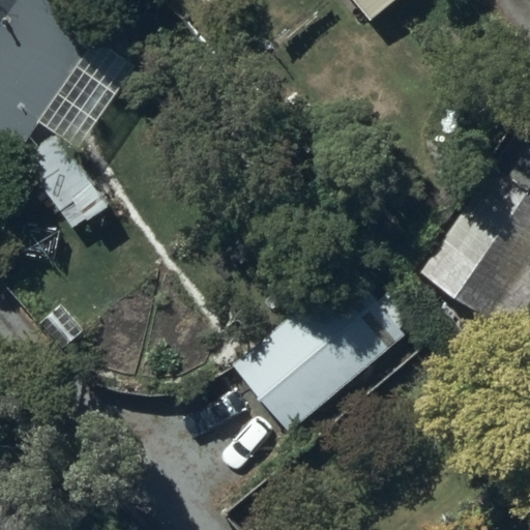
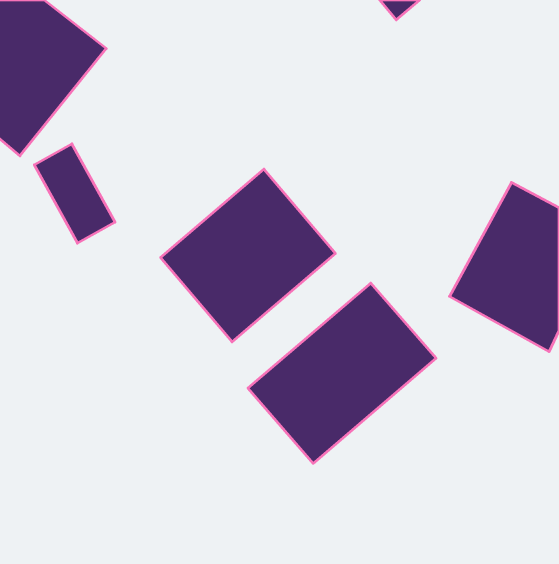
building: none -> [161,169,335,342]

